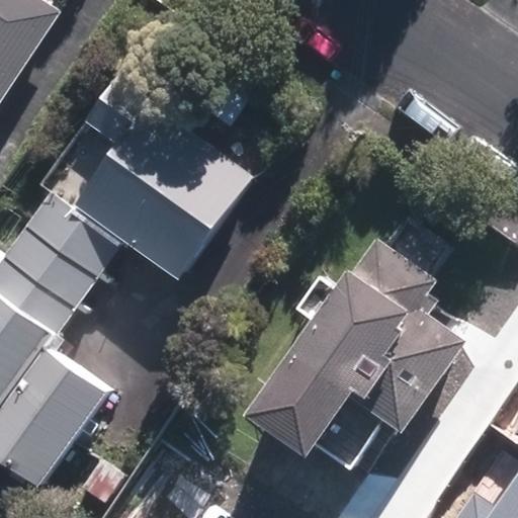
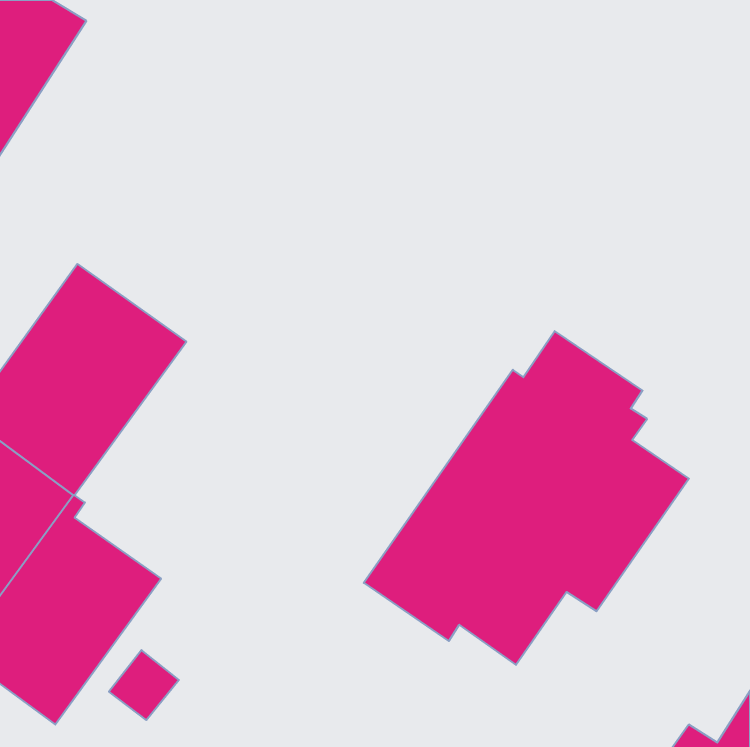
building: [74,73,249,277] -> none

